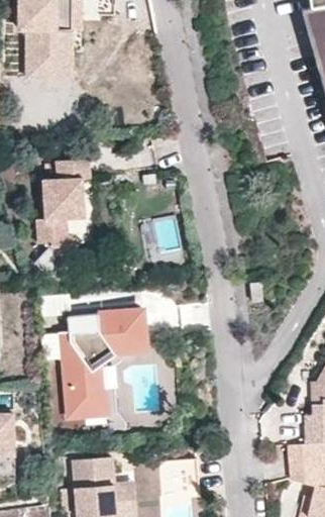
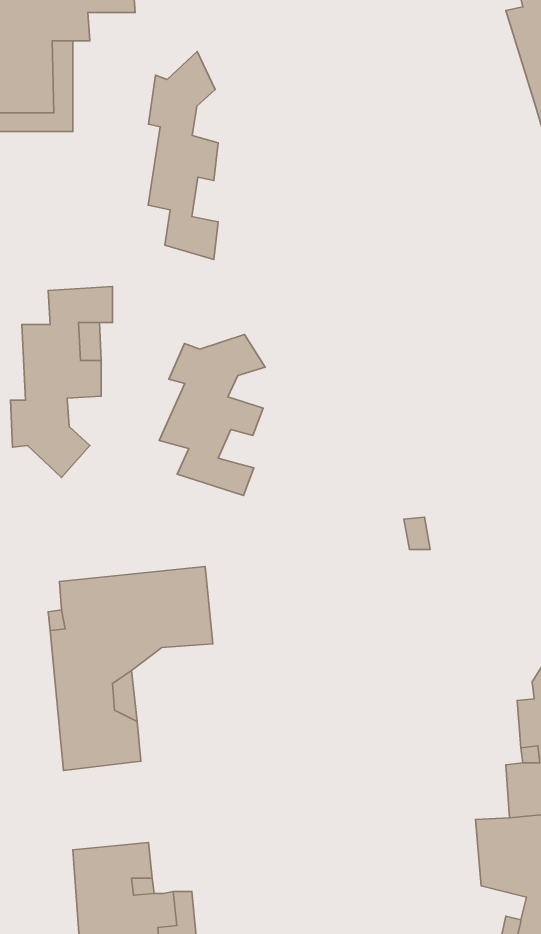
building: none -> [148,51,218,259]
building: none -> [159,334,265,495]
building: [158,456,200,498] -> none

